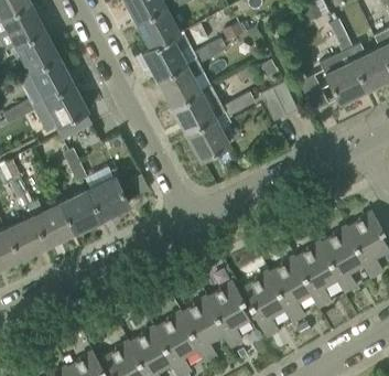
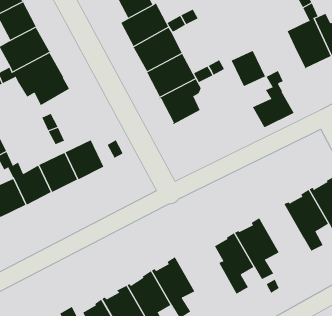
building: none -> [252,70,295,129]
building: [291,244,337,309] -> none
building: [203,281,250,348] -> none

